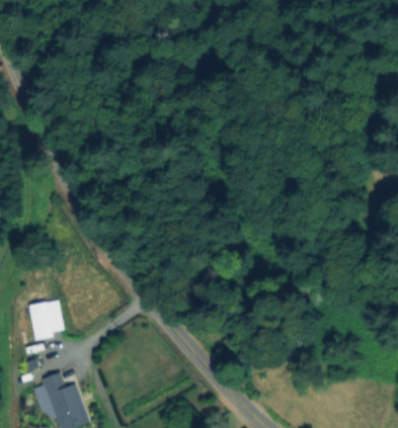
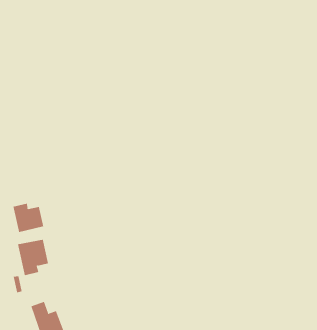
building: none -> [13,203,44,233]

